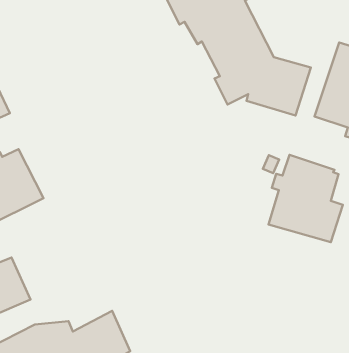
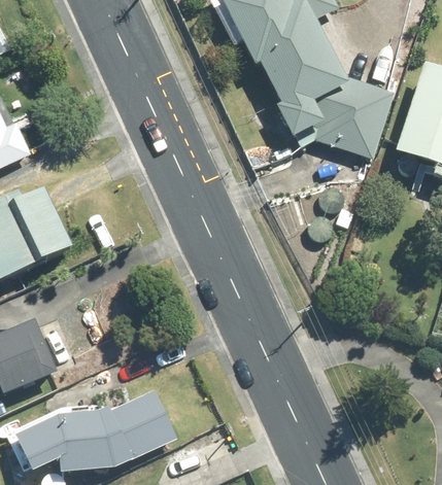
building: [269,155,343,242] -> none

